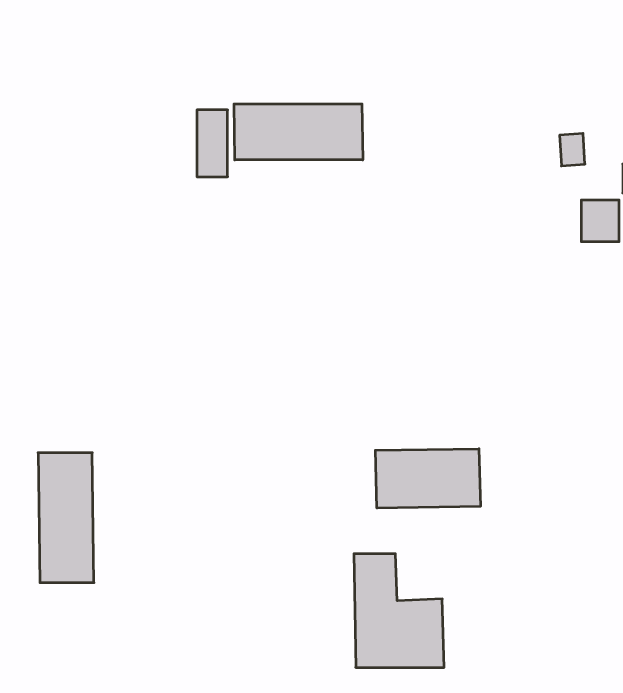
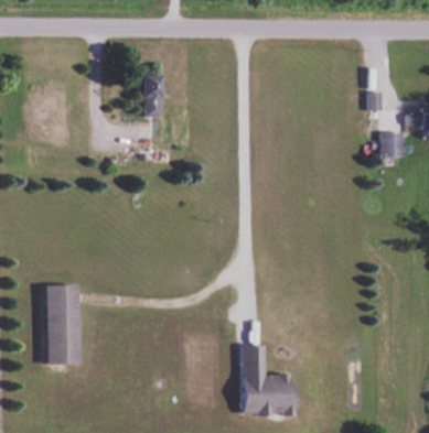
building: [234,104,363,160] -> none
building: [375,449,480,508] -> none

